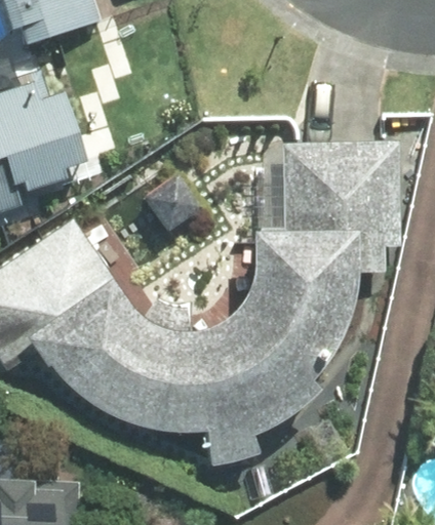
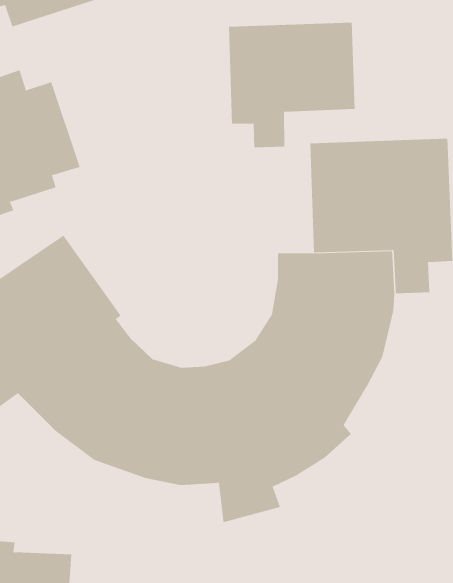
building: none -> [229,22,355,148]

